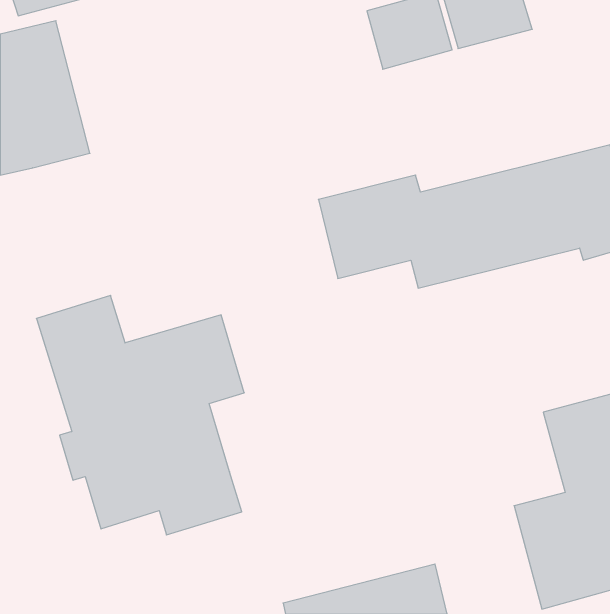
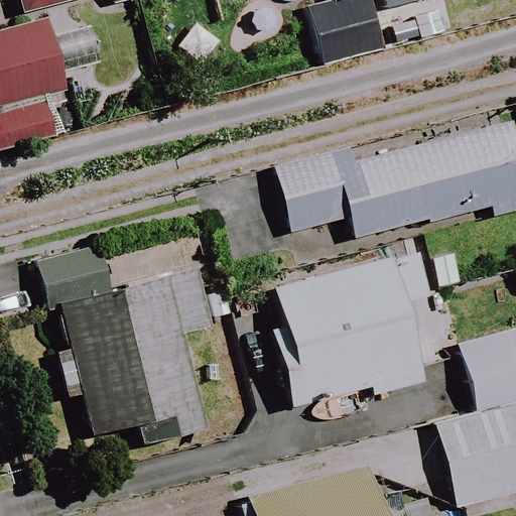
building: none -> [269,246,433,407]

